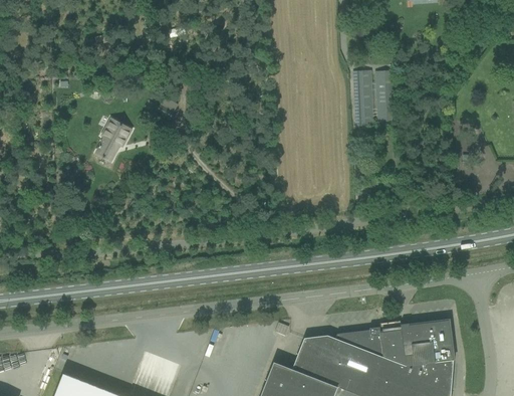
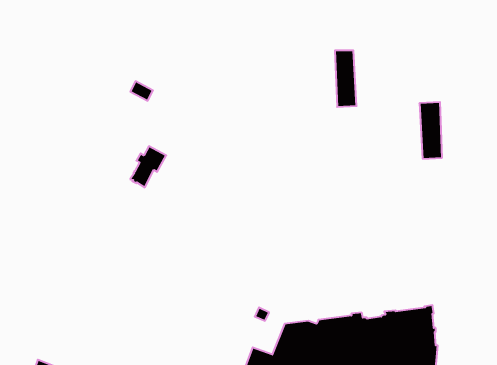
building: [373,70,396,126] -> [419,102,442,159]
building: [95,121,131,161] -> [130,146,166,187]

